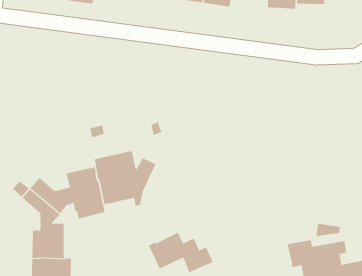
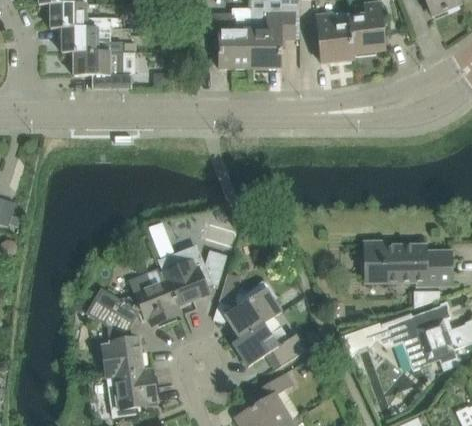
building: none -> [365,241,452,284]
building: none -> [219,272,282,338]

